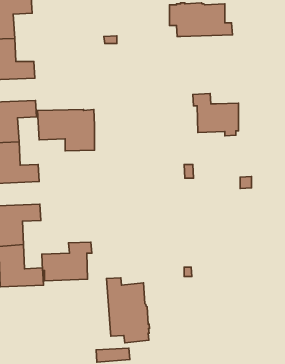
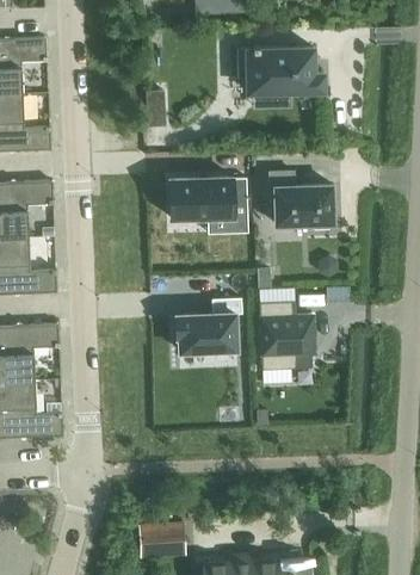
building: [38,110,95,151] -> [168,178,247,235]
building: none -> [259,302,315,370]
building: [42,242,92,281] -> [174,299,243,353]
building: [107,278,150,343] -> none

